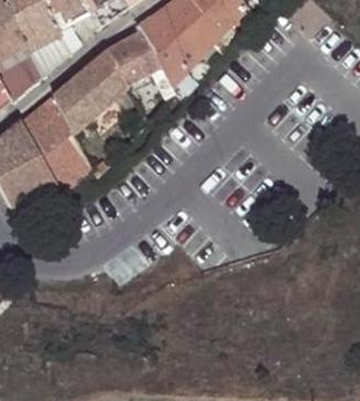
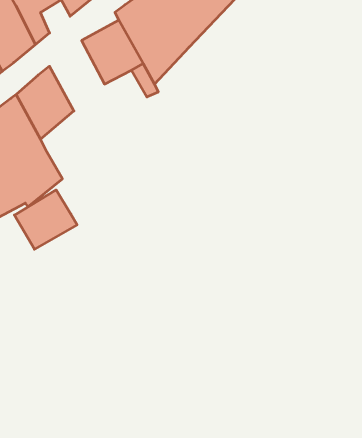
building: [80,48,128,109] -> none
building: none -> [14,190,77,249]

